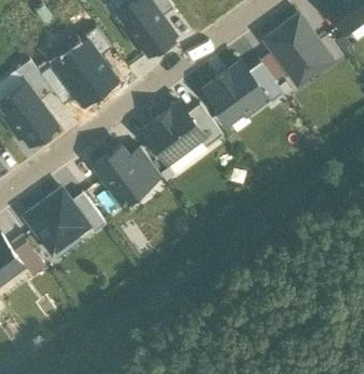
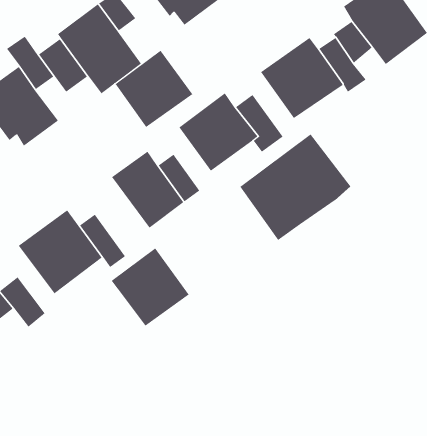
building: none -> [115,50,193,128]
building: none -> [240,133,351,241]
building: none -> [111,247,189,327]

